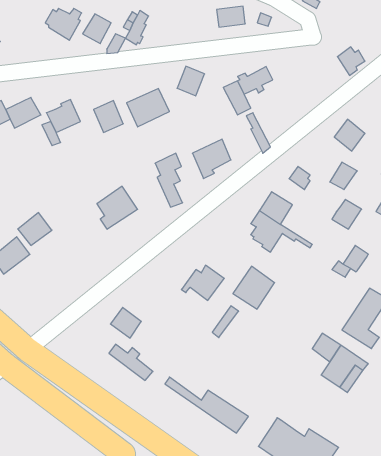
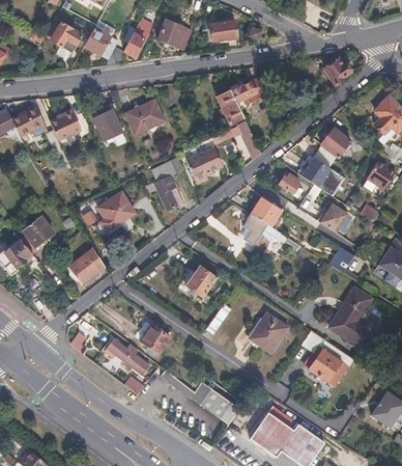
building: [177,66,205,96] -> [157,20,183,48]
building: none -> [299,157,328,187]
building: none -> [69,249,105,284]
building: [233,266,275,309] -> [249,312,288,353]
building: [110,307,141,338] -> [141,325,170,354]

